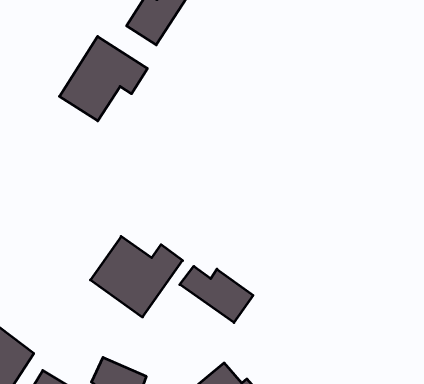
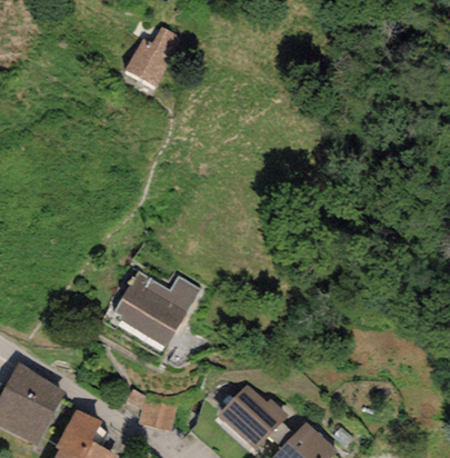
building: [59,36,147,121] -> none
building: [180,266,253,323] -> none

